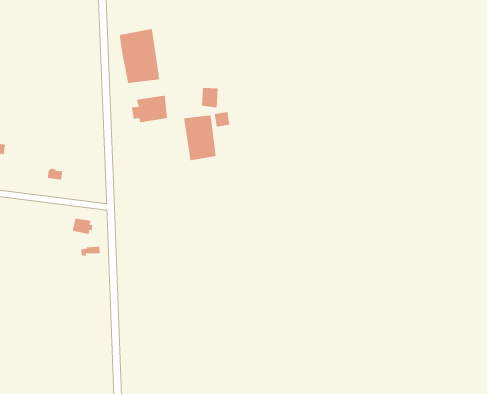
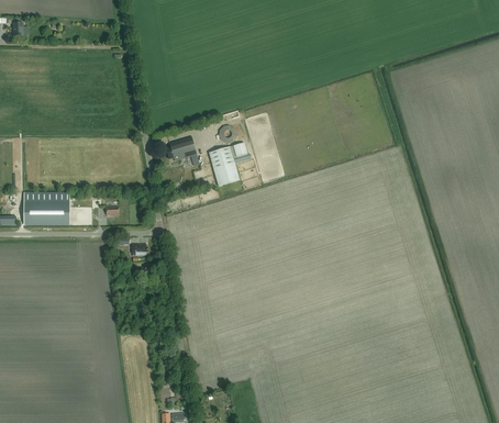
building: [119,28,160,84] -> none

